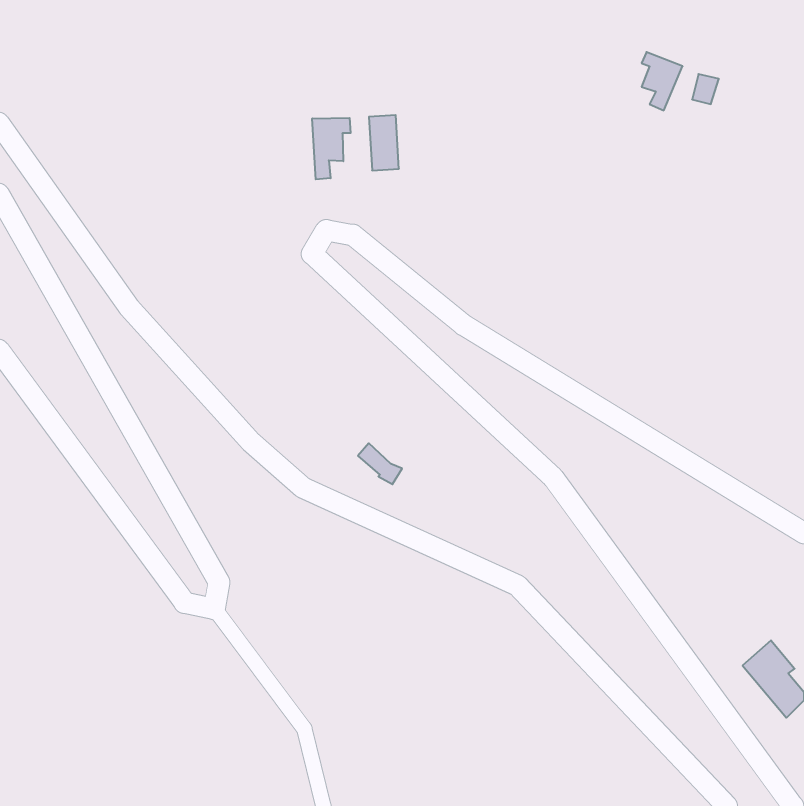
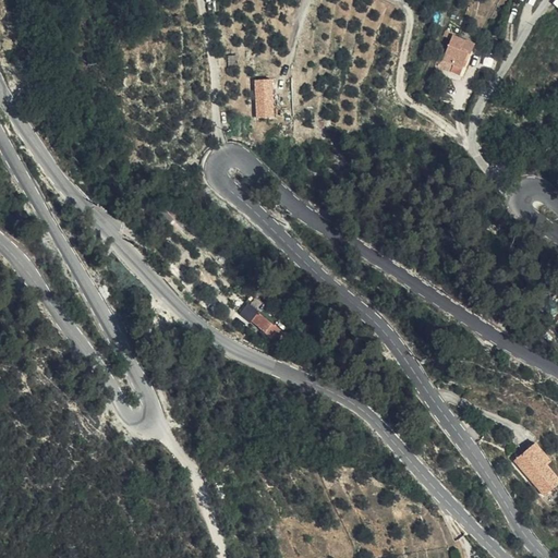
building: [312,118,351,179] -> none

